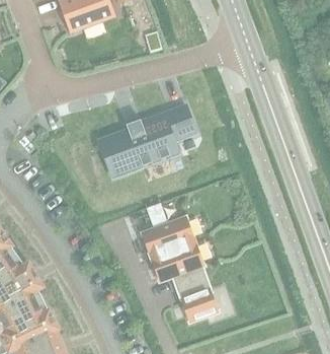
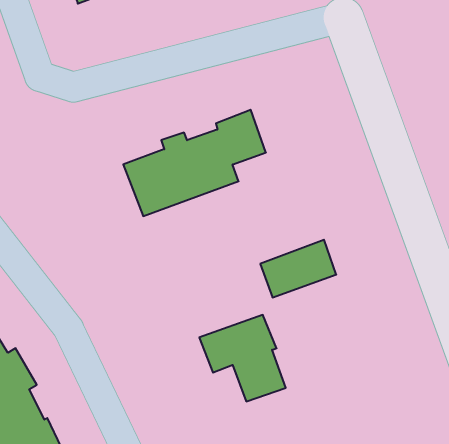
building: [142,217,192,256] -> [260,240,336,297]
building: [181,289,216,321] -> none

